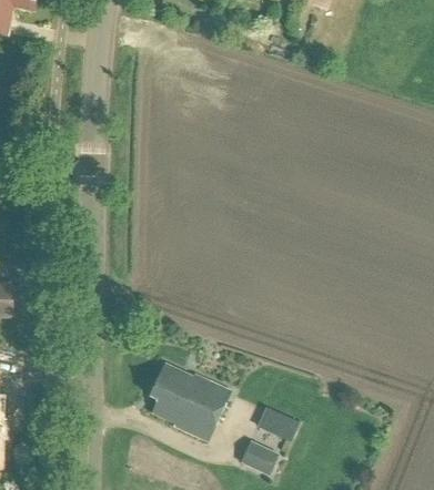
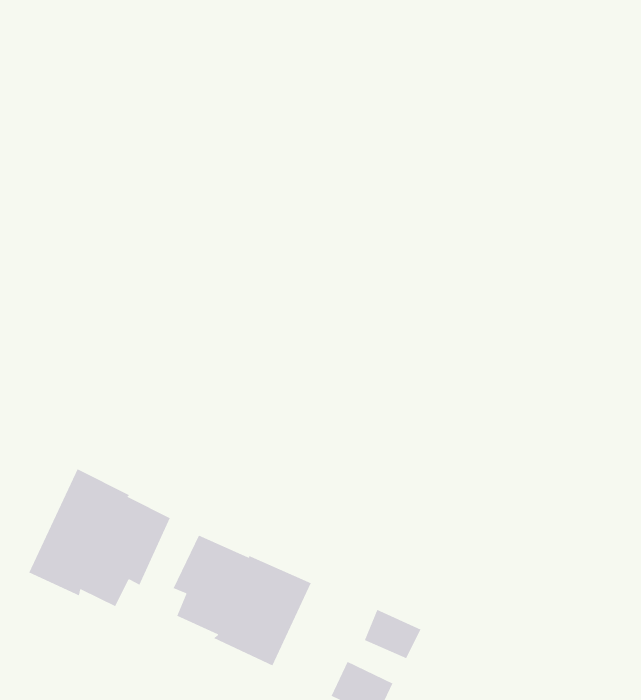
building: none -> [28,468,171,607]

